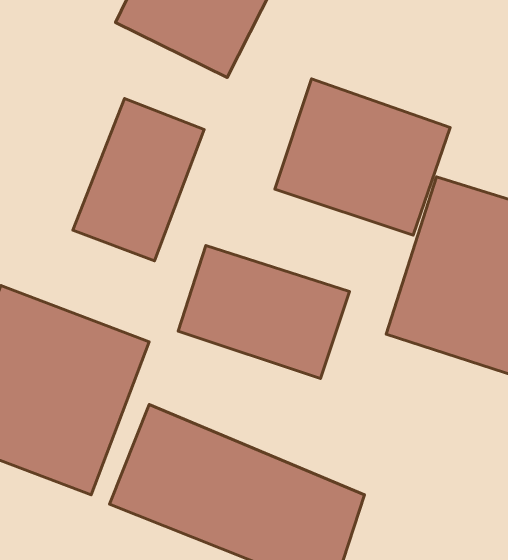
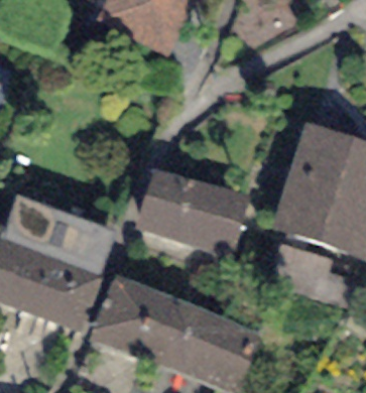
building: [275,79,450,235] -> none
building: [73,98,204,261] -> none

